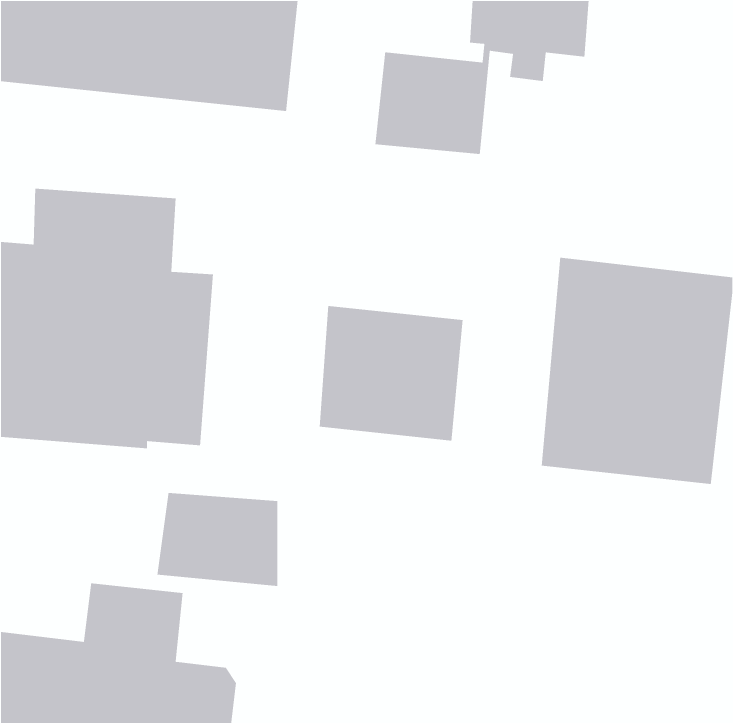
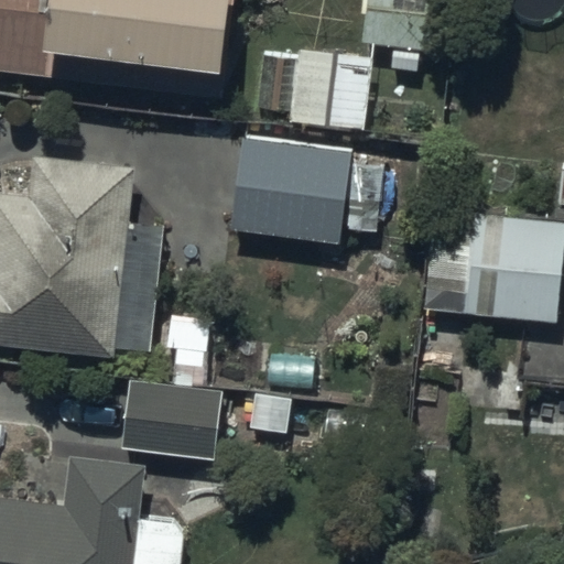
building: [319,305,464,442] -> [235,135,346,240]

